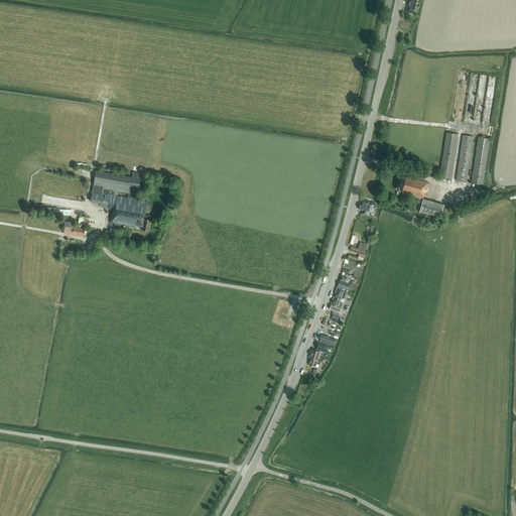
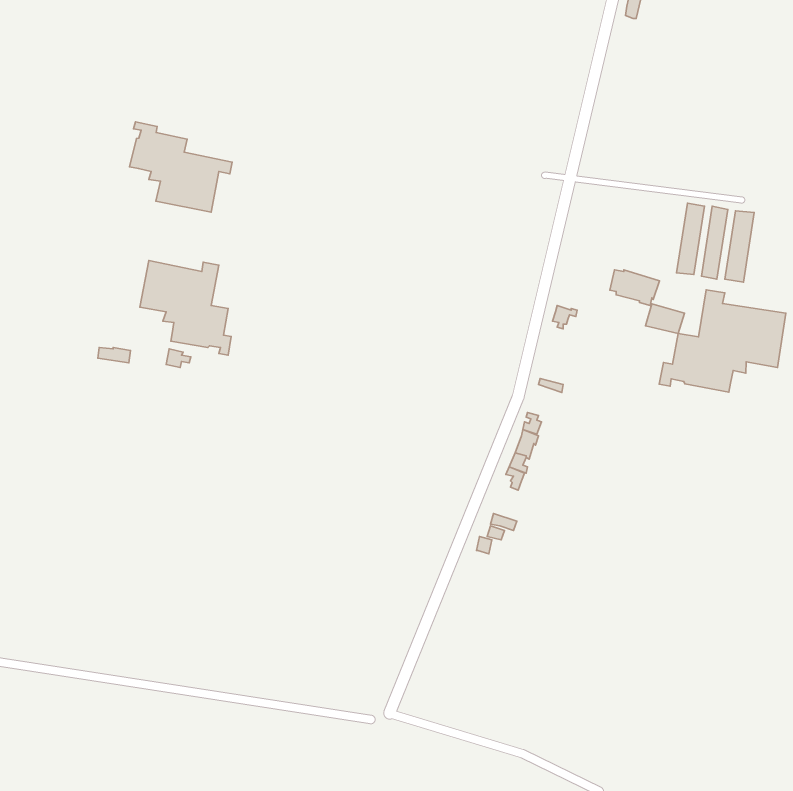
building: none -> [129,122,232,212]
building: none -> [659,290,786,392]

